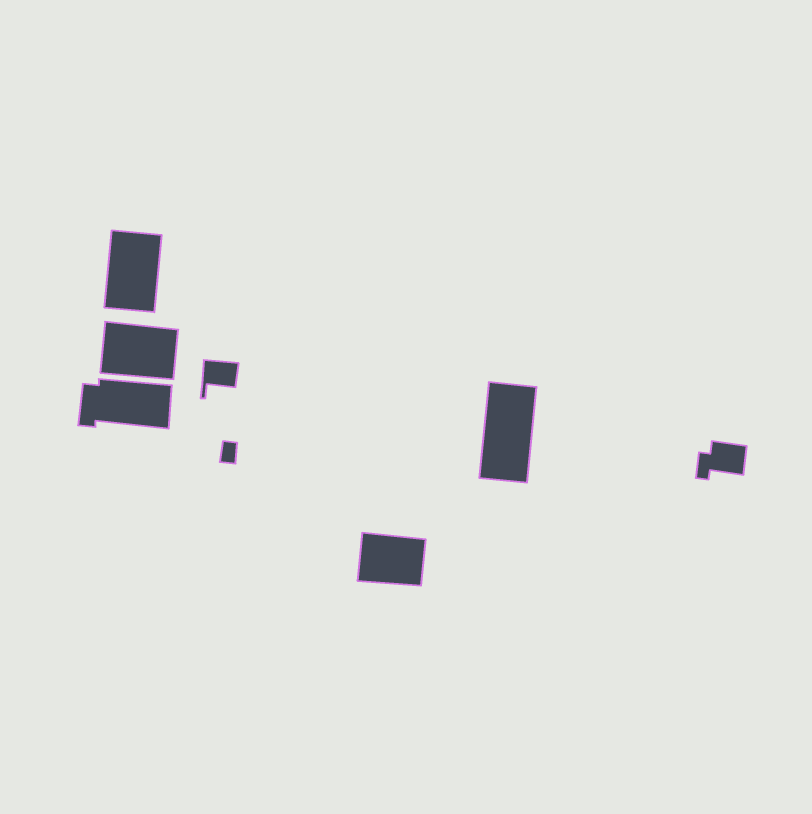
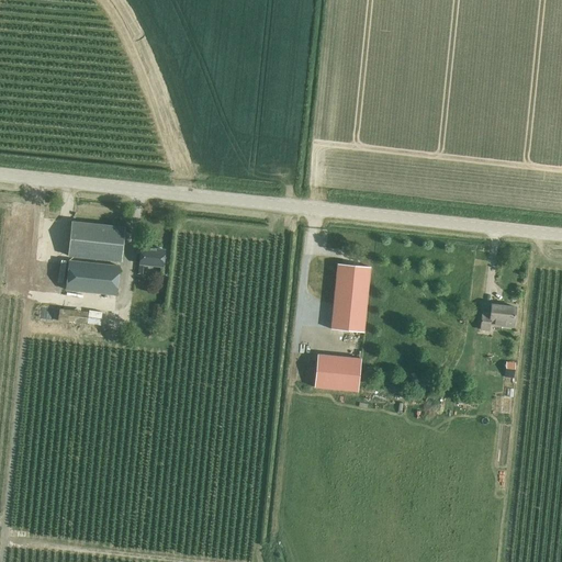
building: [105,230,162,312] -> none
building: [357,533,426,586] -> [315,355,362,391]

